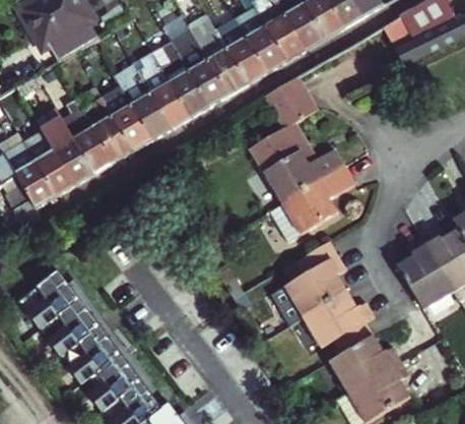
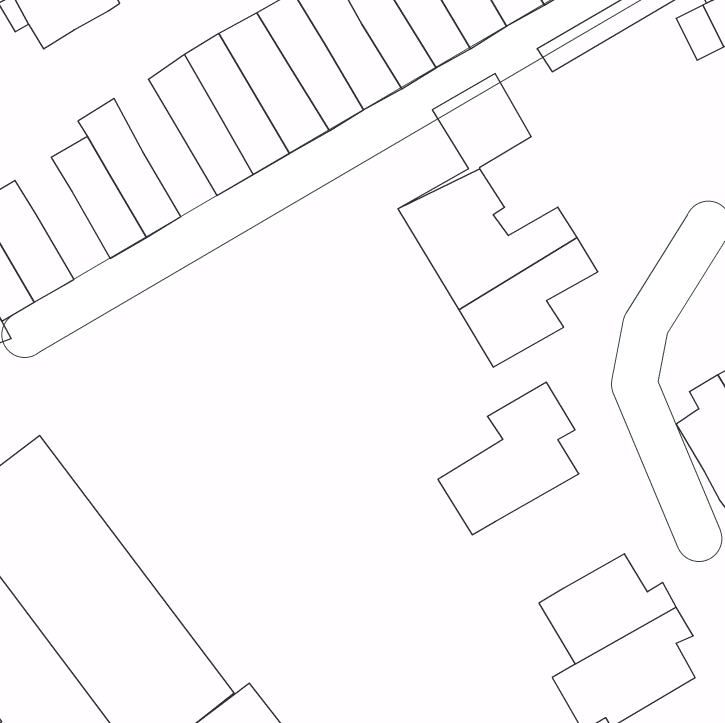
building: [97,77,152,152] -> none
building: [45,120,95,185] -> none
building: [301,289,372,350] -> none

